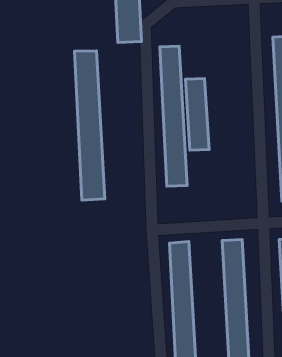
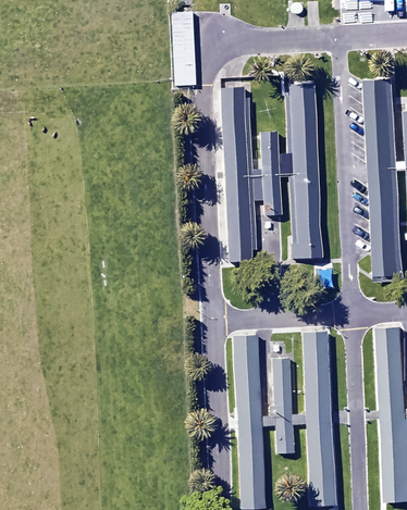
building: none -> [283,84,325,262]
building: [74,51,105,200] -> none
building: none -> [270,356,297,440]

